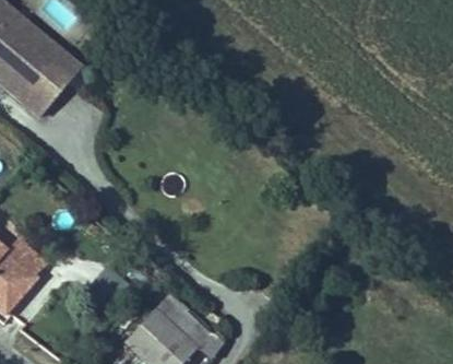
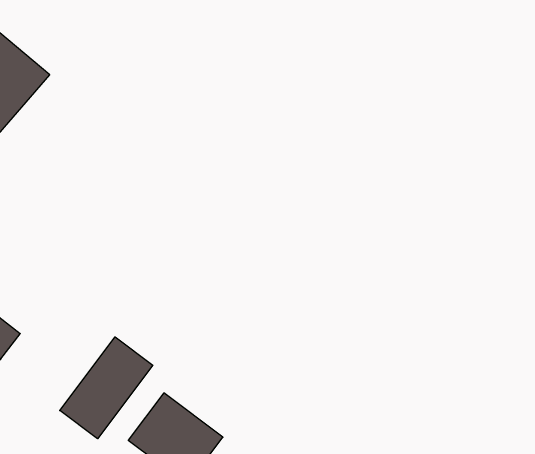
building: none -> [60,337,153,439]

